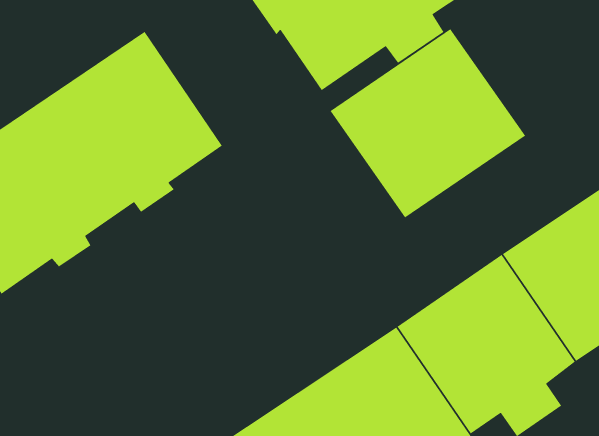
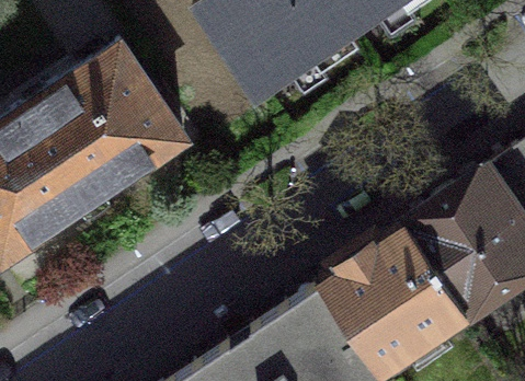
building: [329,28,526,219] -> none

